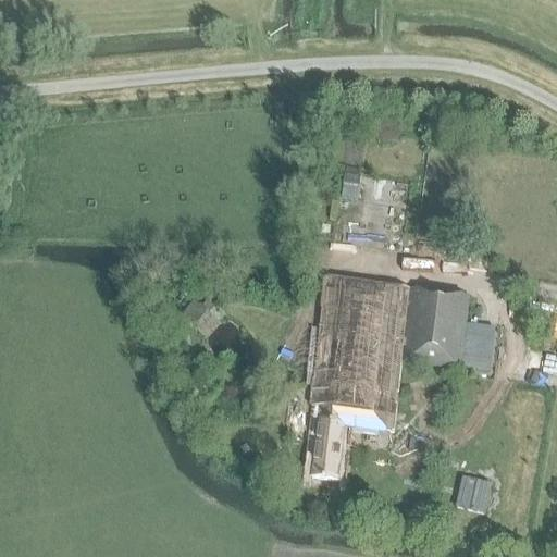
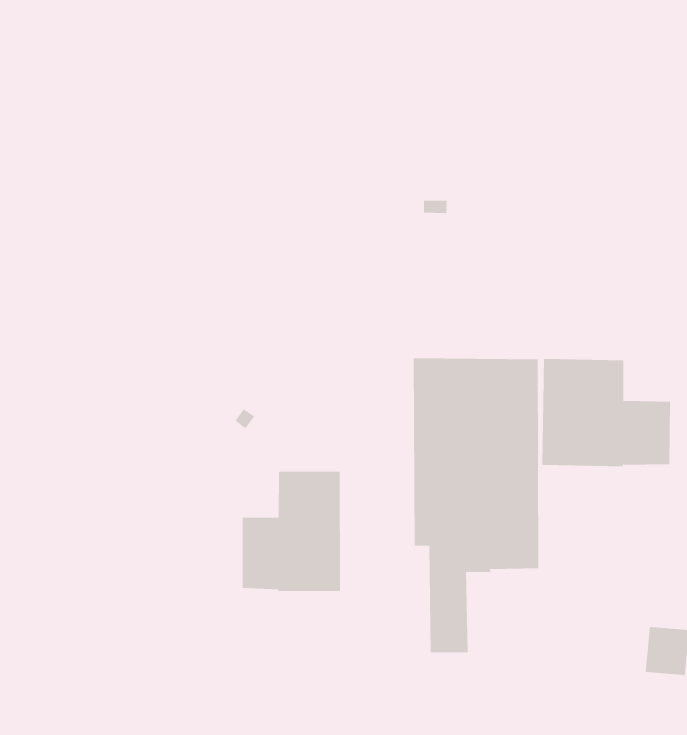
building: none -> [242,471,341,592]

